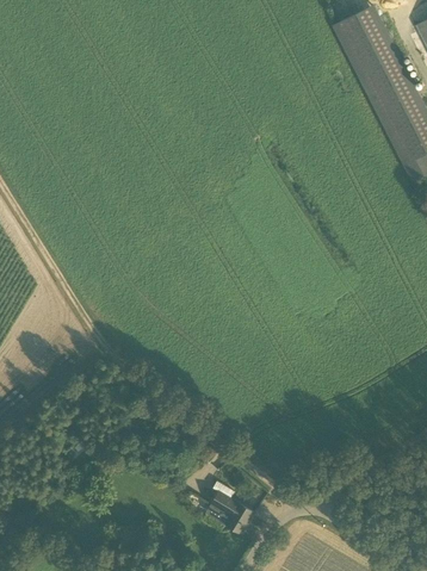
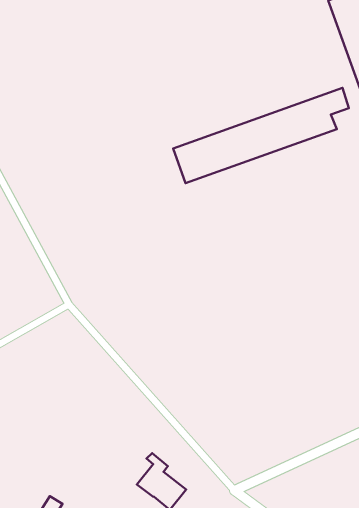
building: none -> [173,88,349,183]

